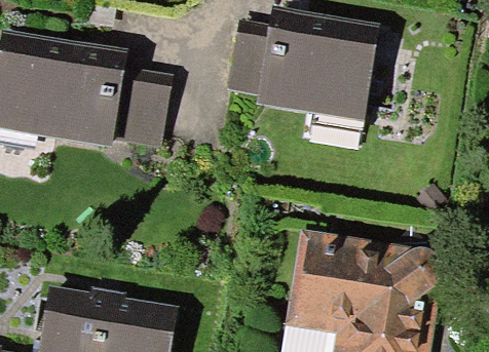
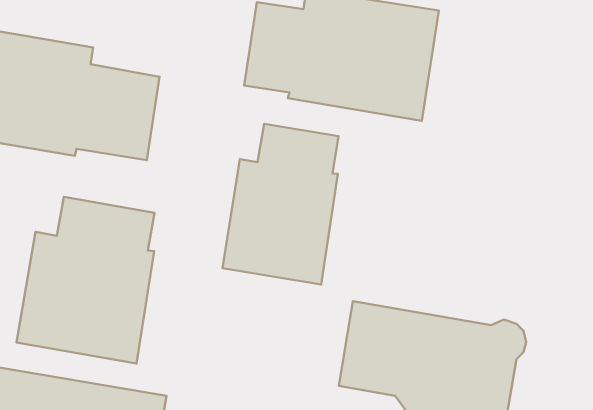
building: none -> [222,124,339,285]
building: none -> [17,197,155,363]

